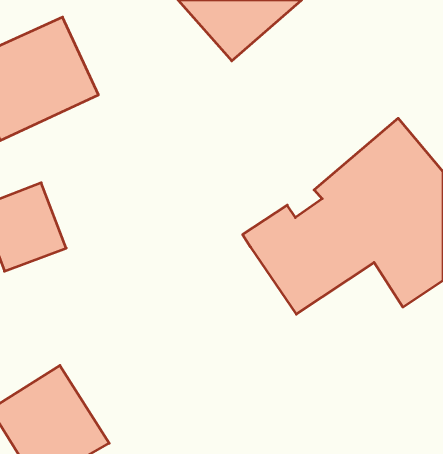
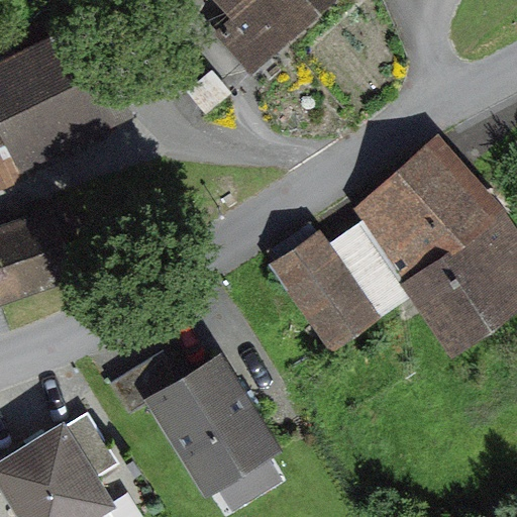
building: none -> [124,327,290,506]

